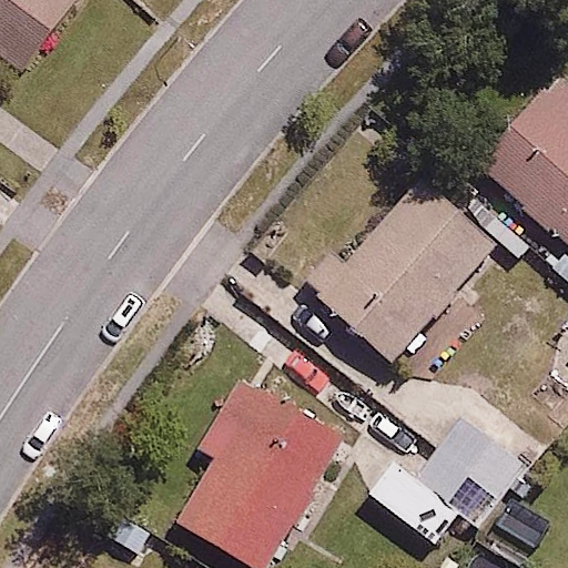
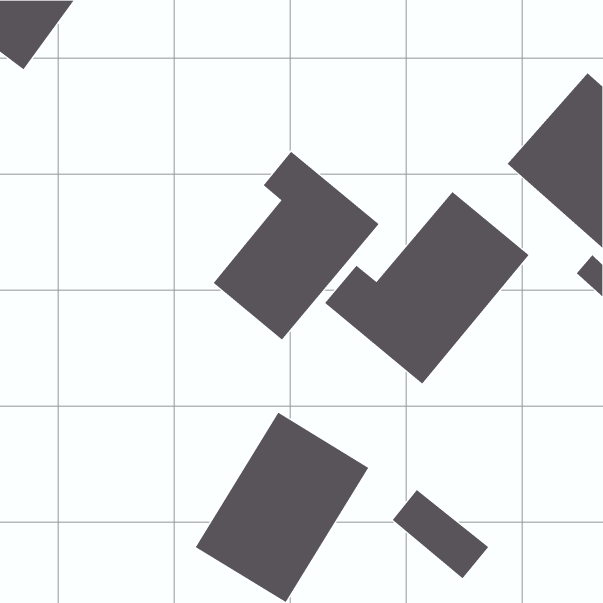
building: none -> [213,151,379,340]
building: [413,412,530,529] -> none

